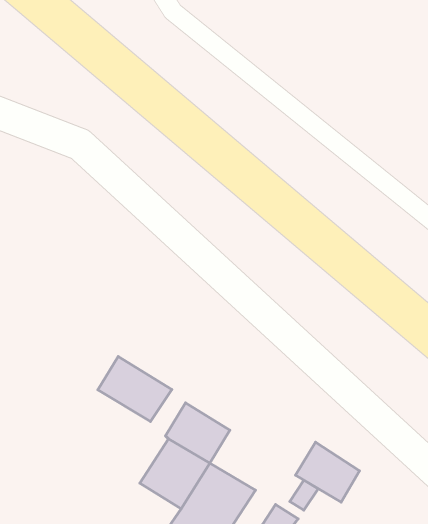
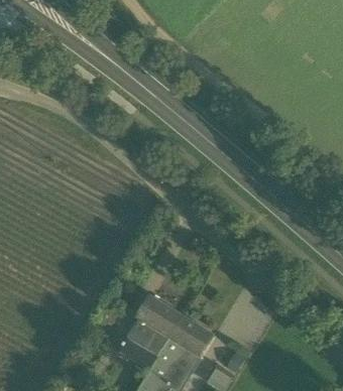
building: [98,357,172,421] -> none
building: [295,442,360,502] -> [167,315,213,358]

